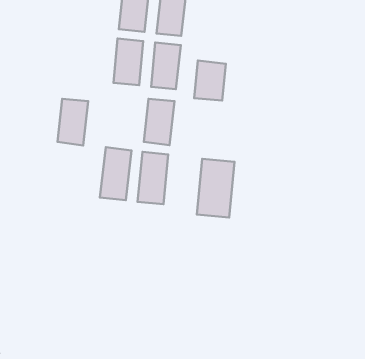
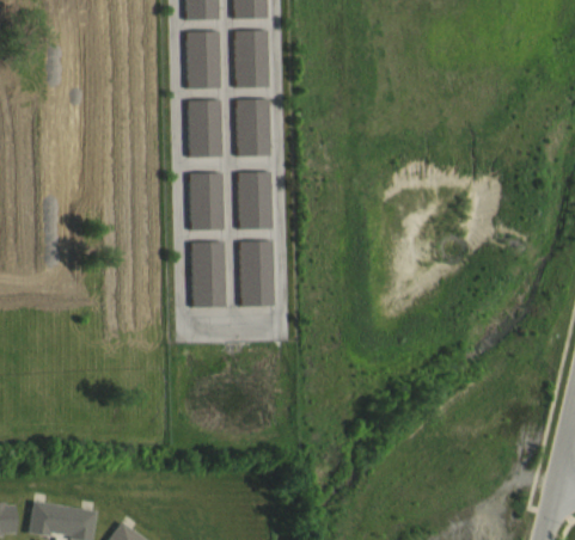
building: [194,61,226,101] -> none
building: [57,99,88,145] -> [190,170,225,227]
building: [197,159,234,217] -> none

